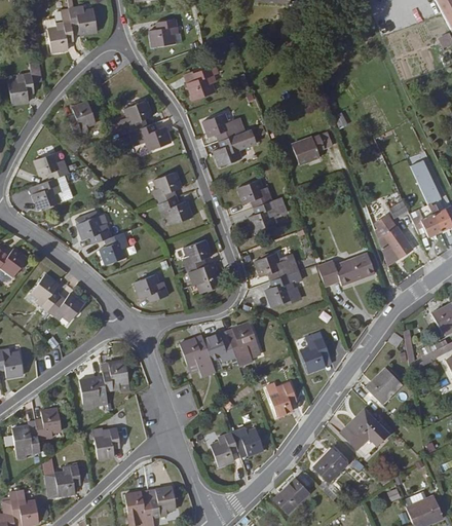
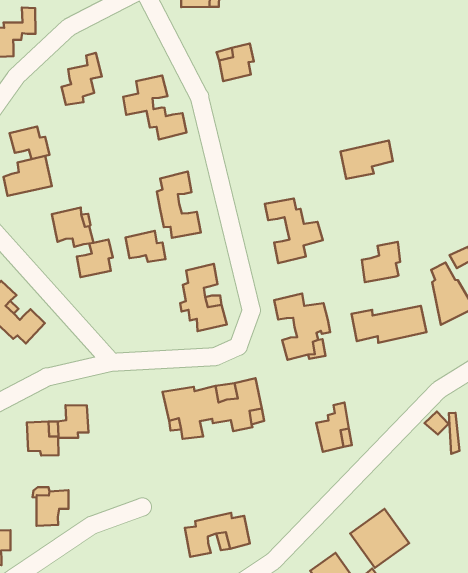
building: [203,114,256,165] -> none
building: none -> [362,242,400,282]
building: [135,274,167,299] -> [126,231,165,262]
building: [365,365,400,400] -> none
building: [266,383,295,416] -> none

